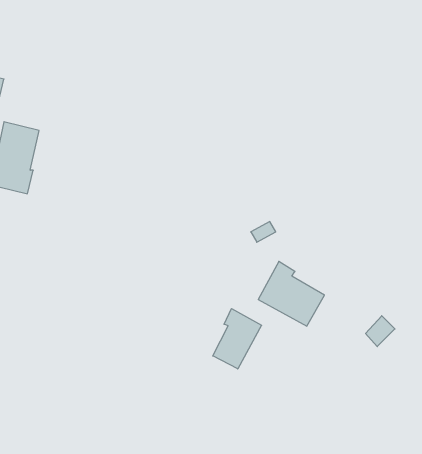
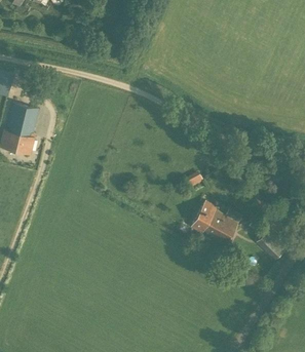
building: [213,309,262,369] -> none

